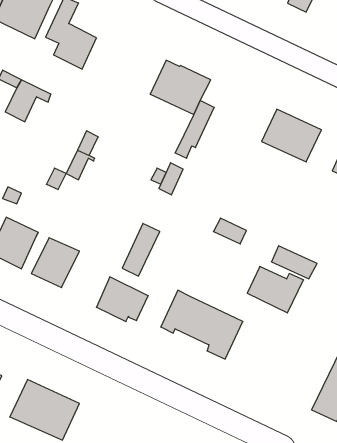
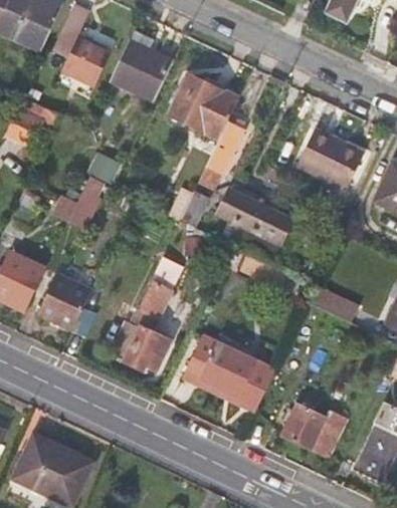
building: none -> [111,32,172,99]
building: none -> [218,190,290,242]
building: [247,266,304,313] -> [282,404,346,456]

